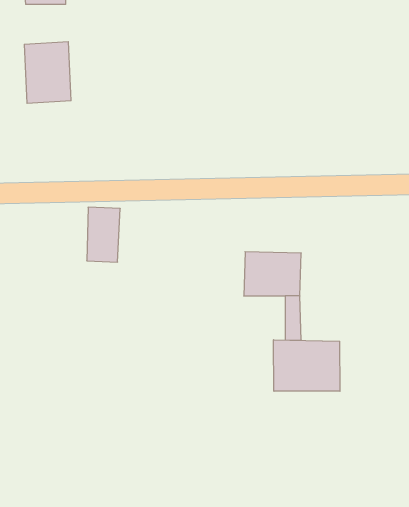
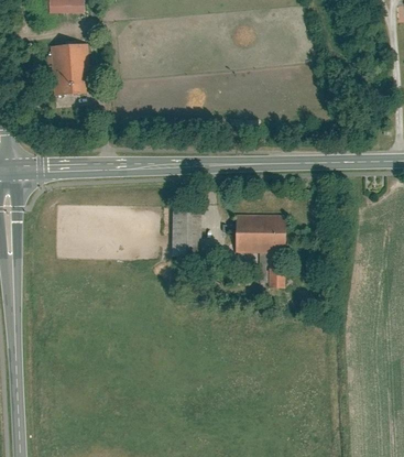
building: [87,207,120,262] -> [172,213,199,258]
building: [274,340,340,391] -> none

